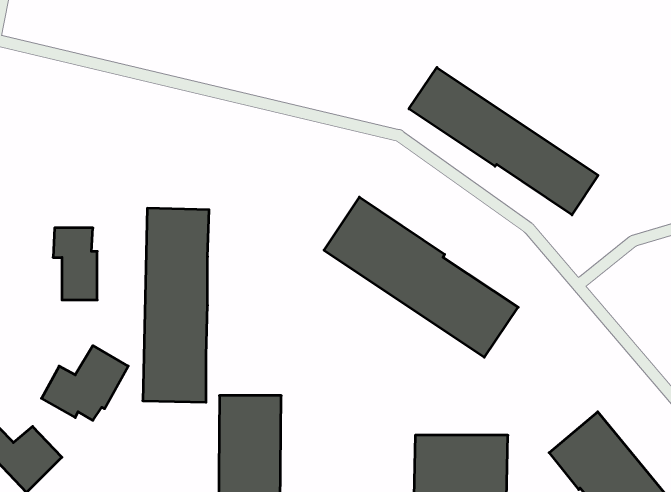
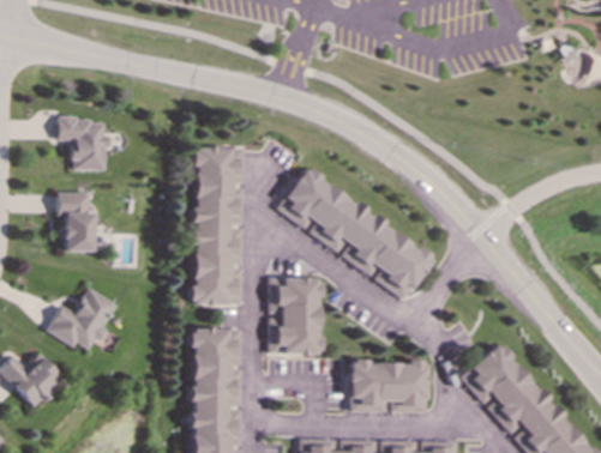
building: [409,67,598,215] -> none
building: none -> [56,119,107,170]
building: [143,208,209,402] -> [192,146,246,304]
building: none -> [271,277,323,354]

